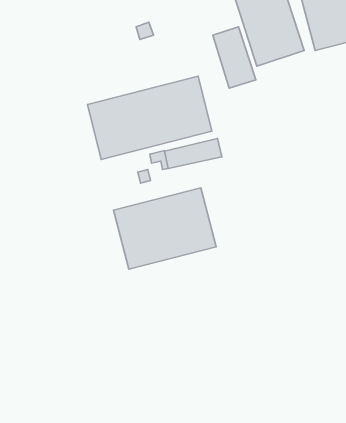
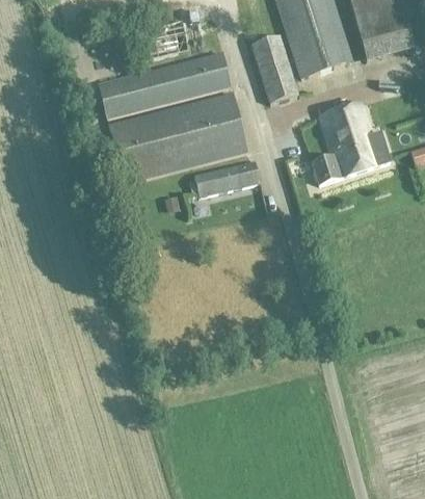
building: none -> [98,50,233,119]
building: none -> [313,103,391,182]
building: [114,188,216,269] -> none

